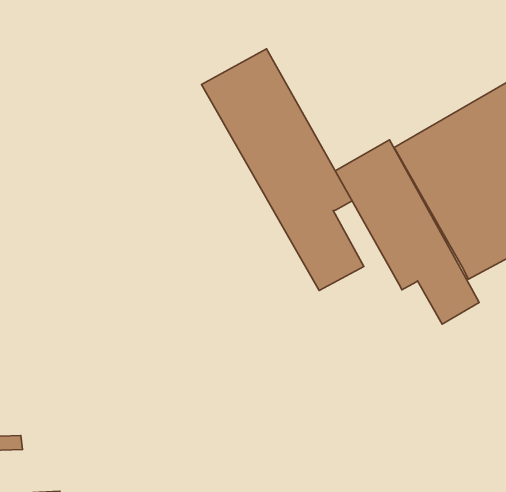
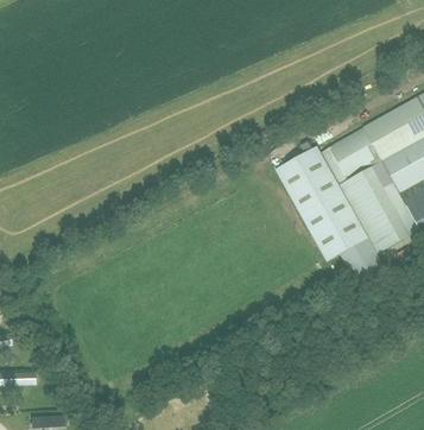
building: [202,49,364,291] -> none

